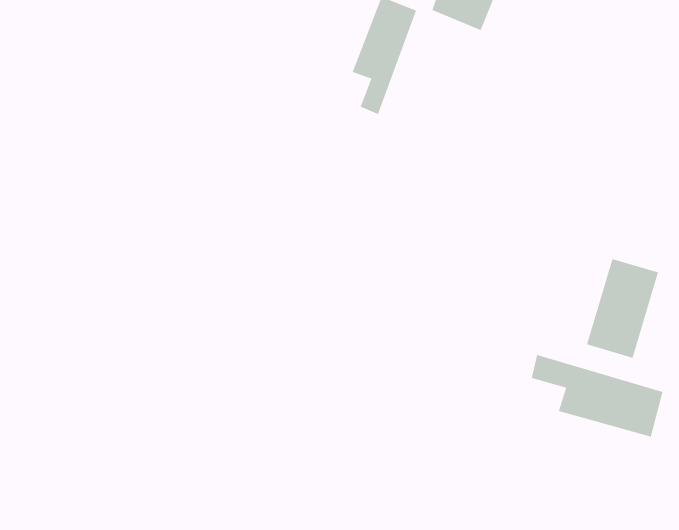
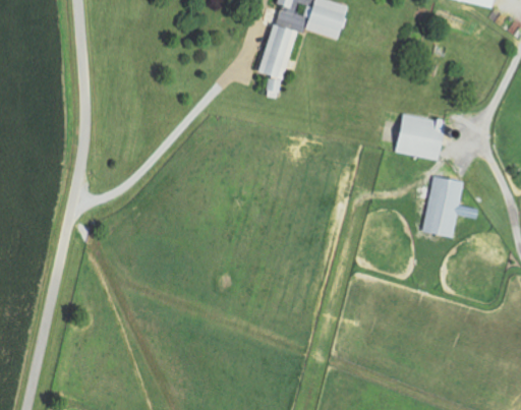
building: none -> [395,113,446,160]
building: [531,354,663,437] -> none

